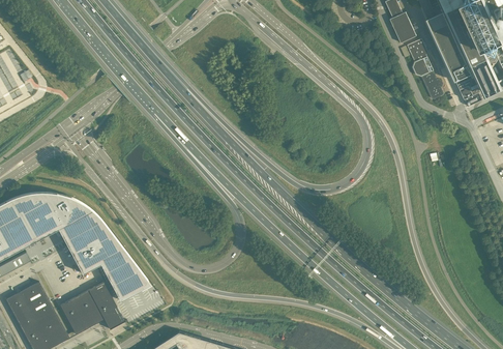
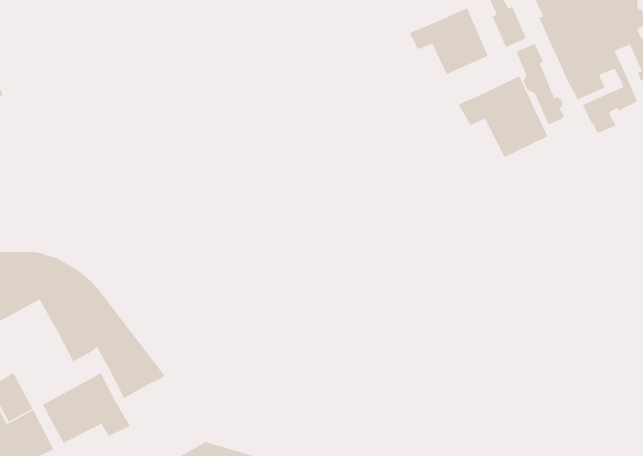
building: none -> [409,7,489,75]
building: none -> [458,75,549,158]

